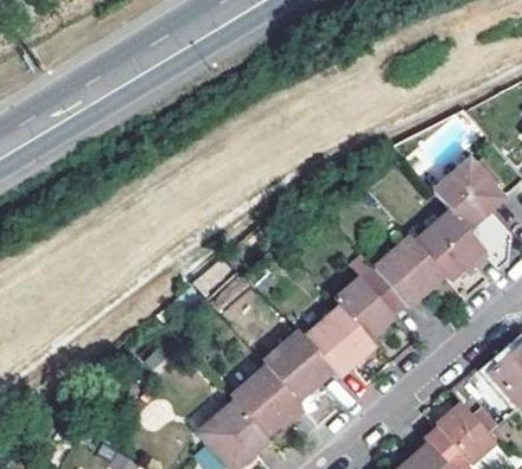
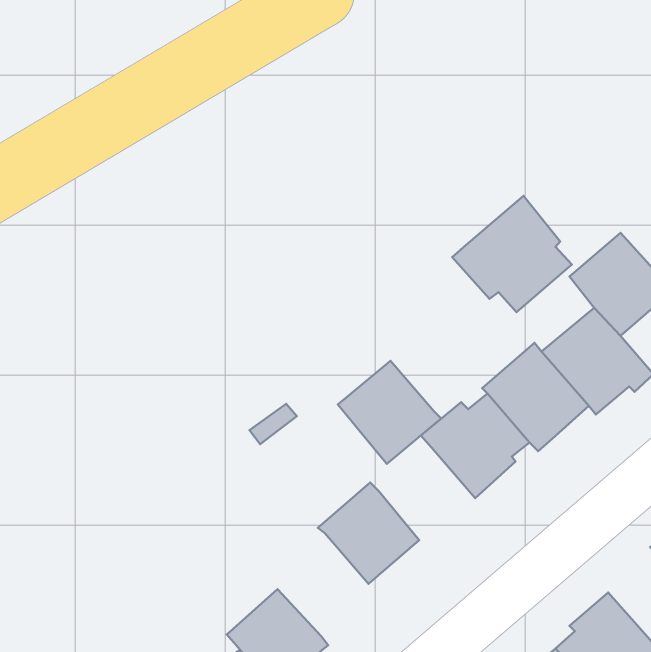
building: none -> [452,196,572,312]
building: [305,304,375,374] -> [338,361,441,464]
building: [231,362,306,432] -> none

